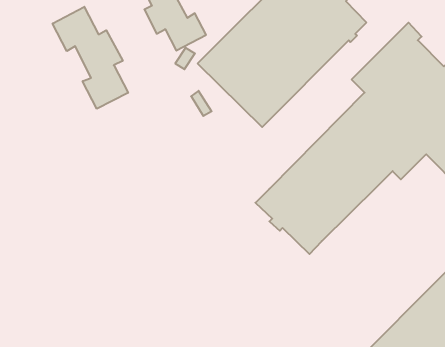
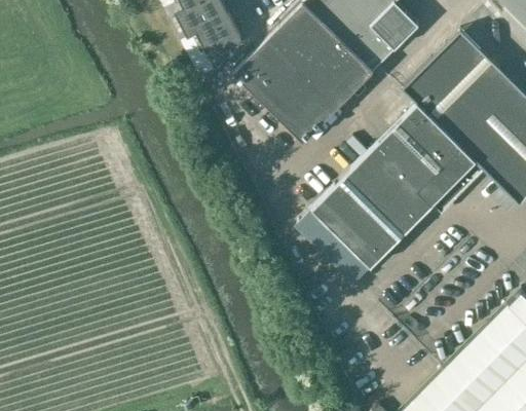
building: [53,7,128,109] -> none

